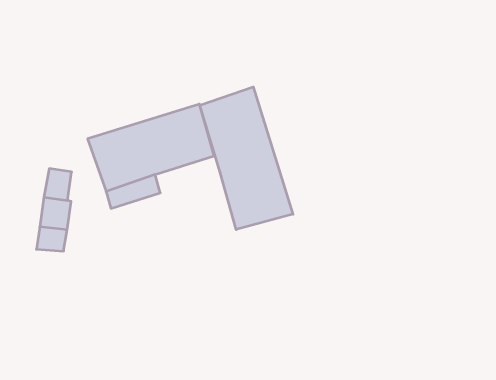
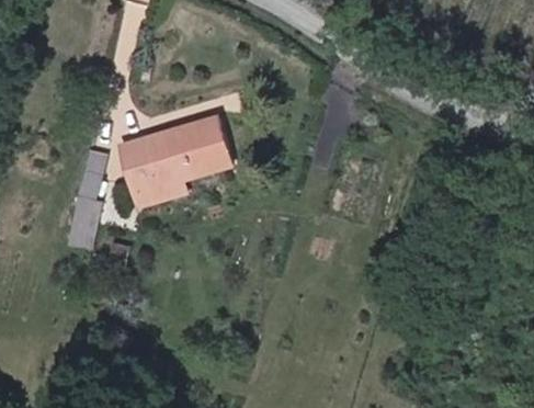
building: [200,87,293,230] -> none

